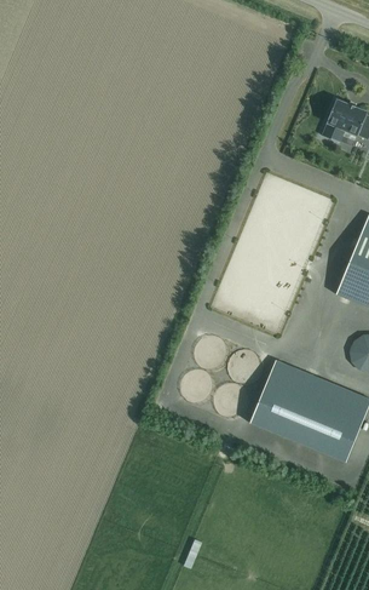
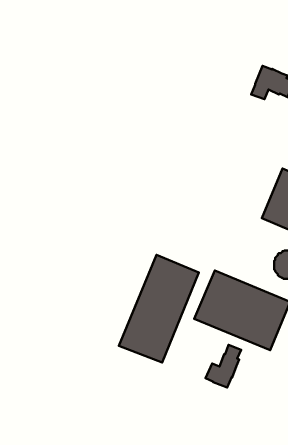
building: none -> [119,255,199,363]
building: none -> [205,345,241,388]

